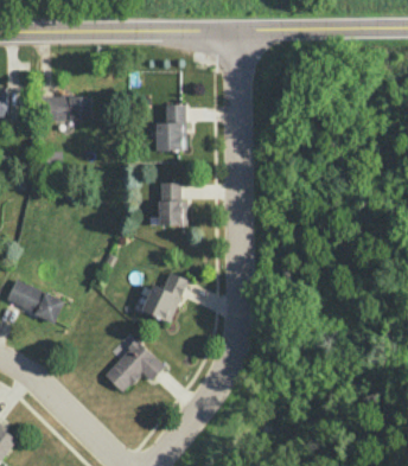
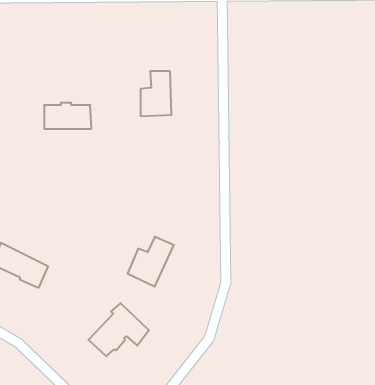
building: [44,94,91,120] -> [44,103,91,129]
building: [159,183,186,224] -> none

